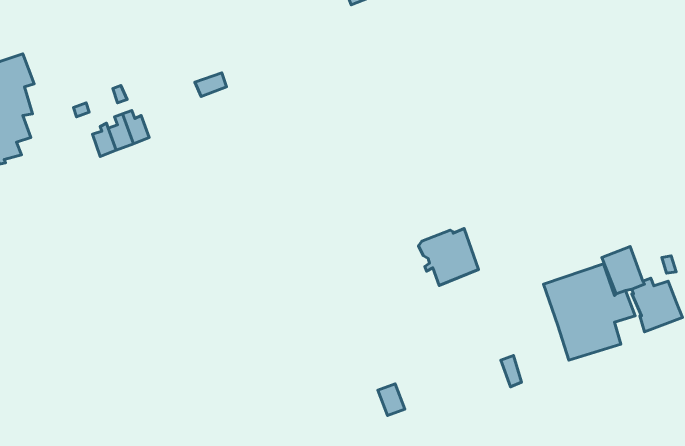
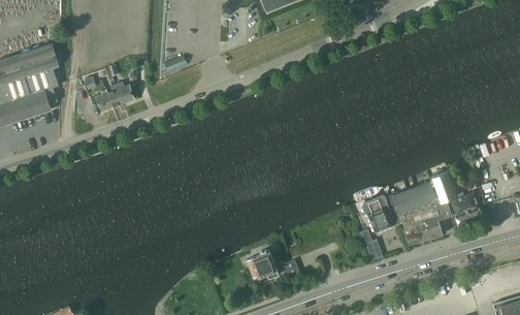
building: [419,229,479,285] -> [362,195,401,232]
building: none -> [247,250,279,283]

